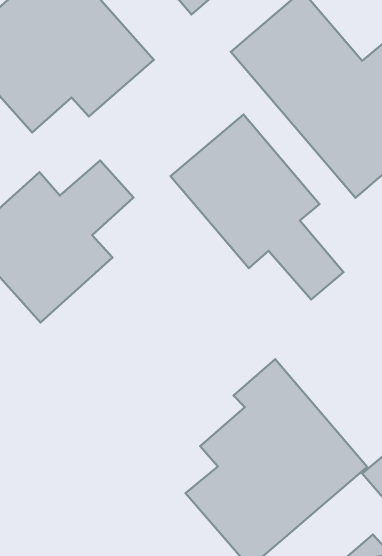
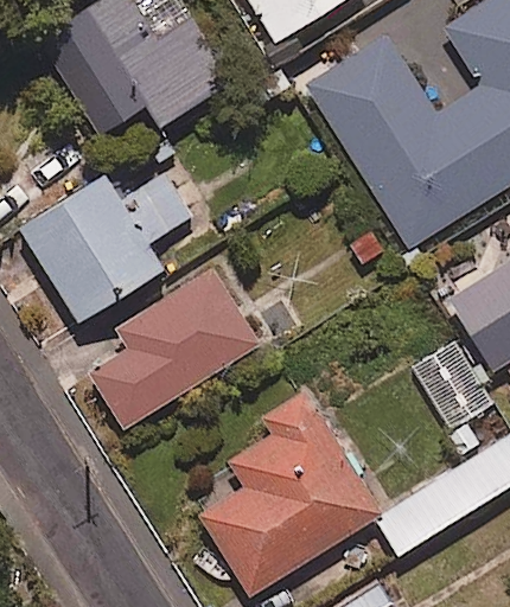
building: [171,114,343,300] -> none
building: none -> [89,270,260,429]

